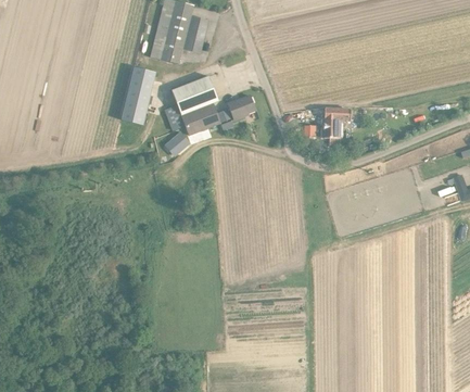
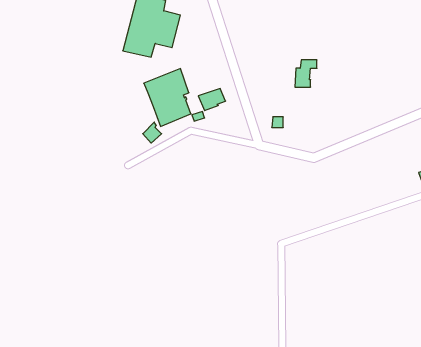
building: [122,65,155,124] -> none
building: [323,109,346,137] -> [295,60,317,87]

